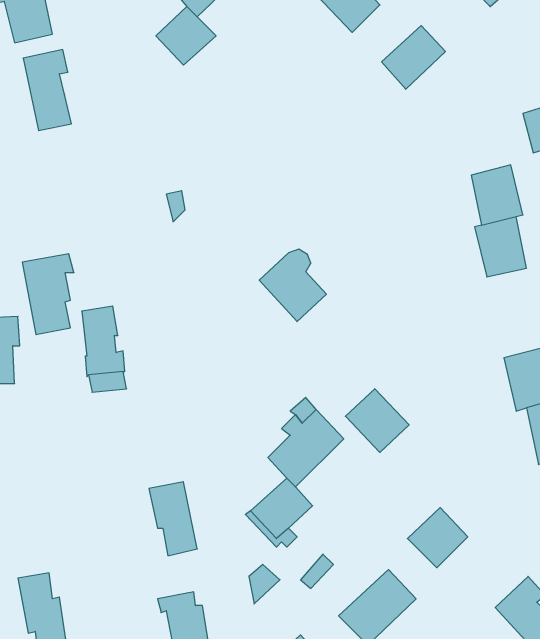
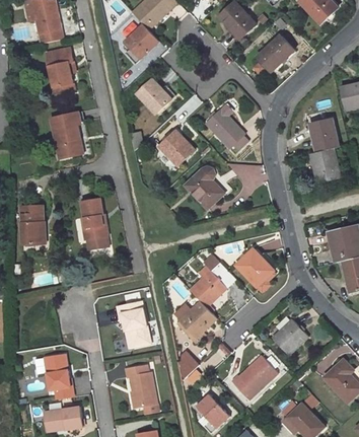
building: none -> [137,78,171,114]
building: none -> [206,104,246,150]
building: none -> [158,130,194,165]
building: [22,254,74,335] -> [50,113,80,160]

